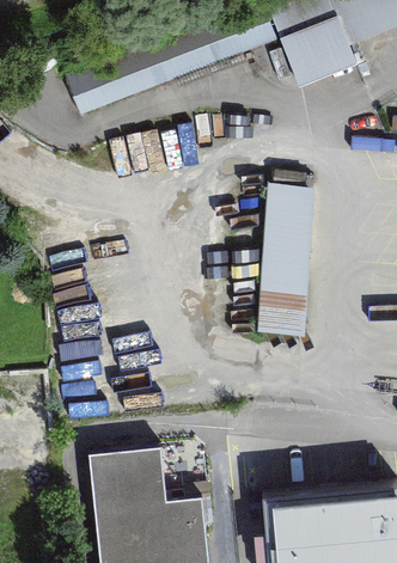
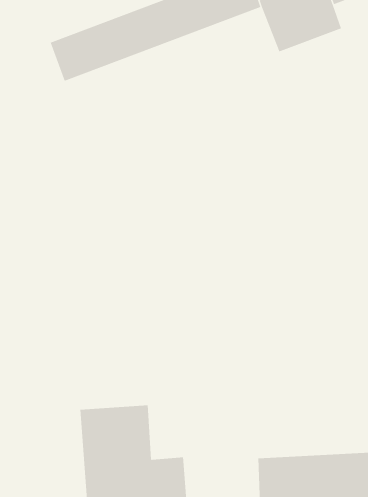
building: [252,183,310,335] -> none

